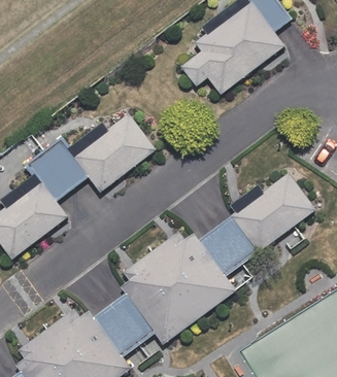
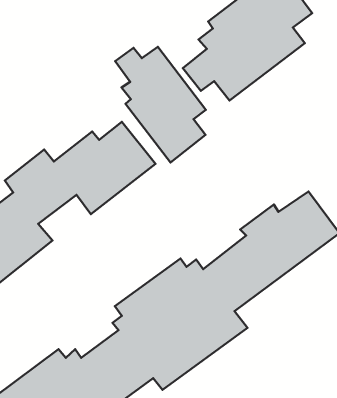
building: none -> [115,47,206,163]

